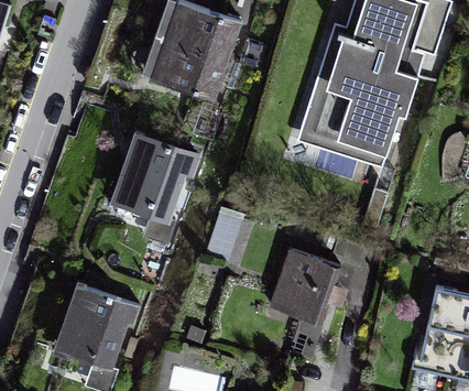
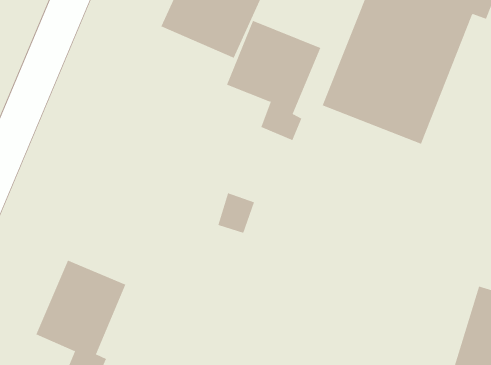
building: [112,141,192,242] -> [226,20,321,141]
building: [269,256,343,332] -> none

